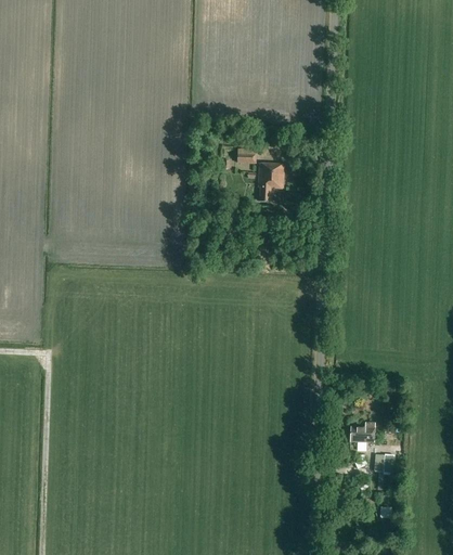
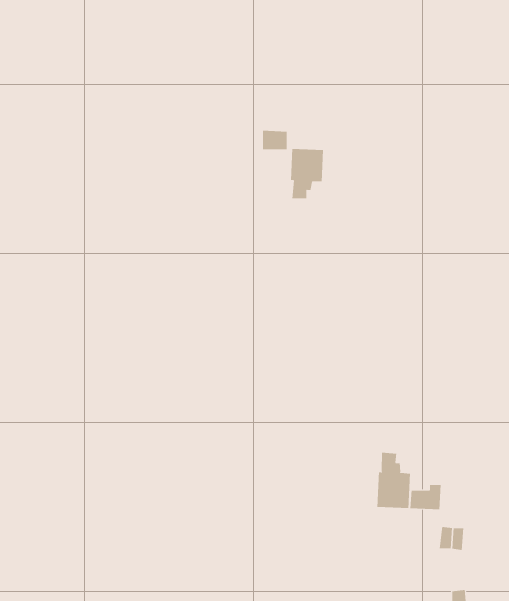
building: none -> [377,452,410,509]

